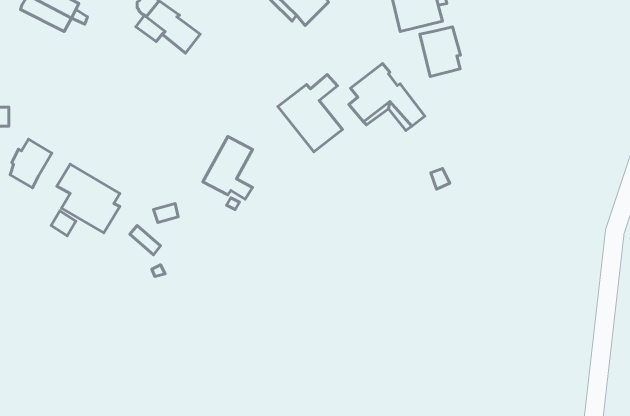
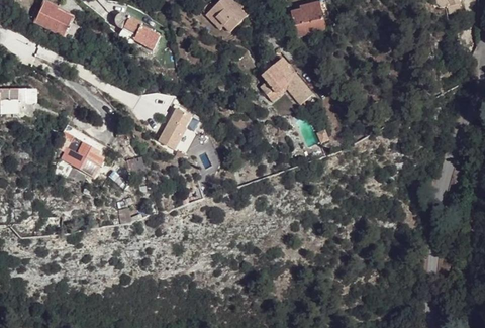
building: [420,27,460,76] -> none
building: [278,75,342,152] -> none
building: [10,139,52,188] -> none

